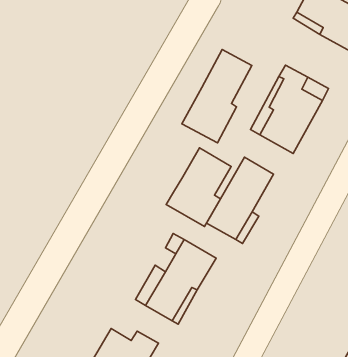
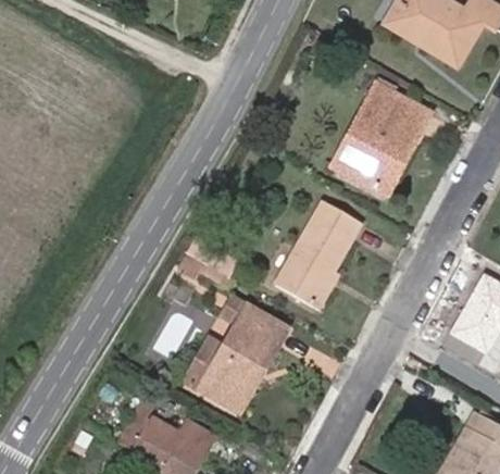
building: [182,49,252,143] -> none
building: [166,148,231,226] -> none

